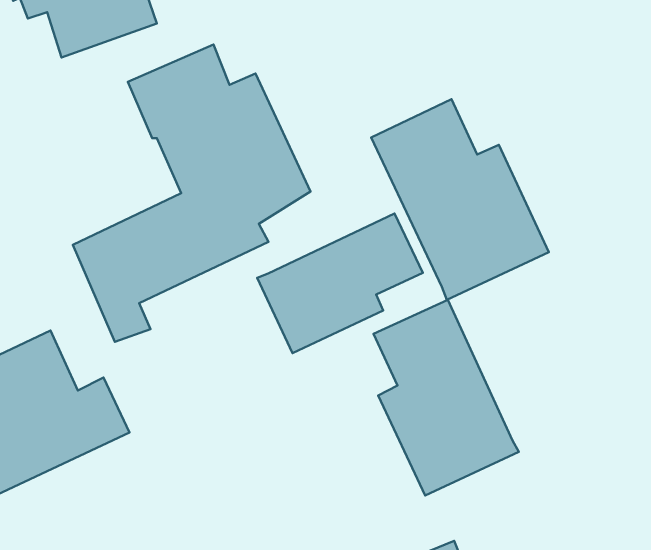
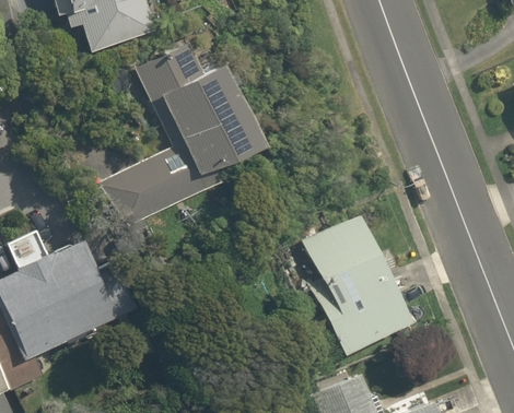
building: [371,99,549,300] -> none
building: [257,213,423,353] -> none

